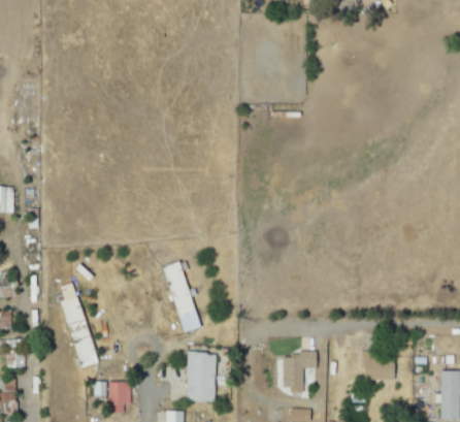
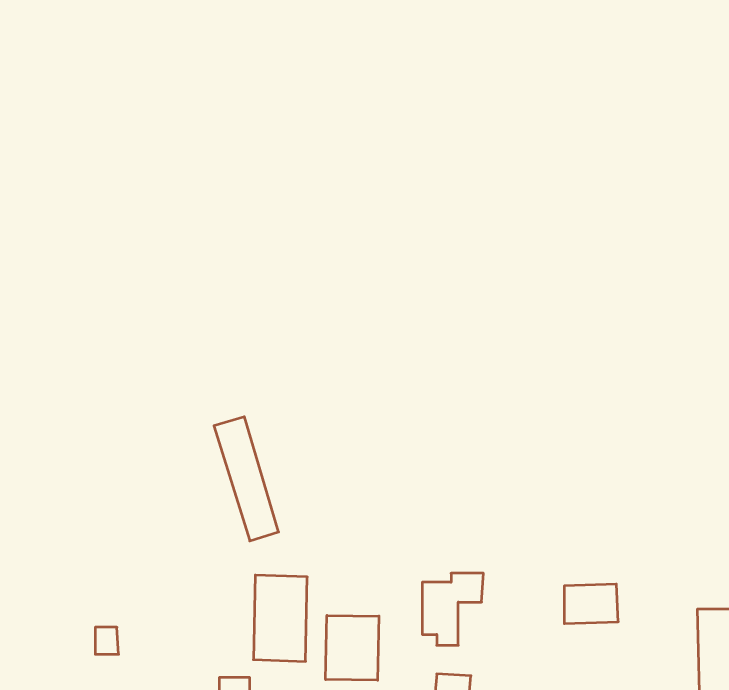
building: [60,282,98,367] -> none
building: none -> [326,615,379,680]
building: [109,383,131,413] -> none

